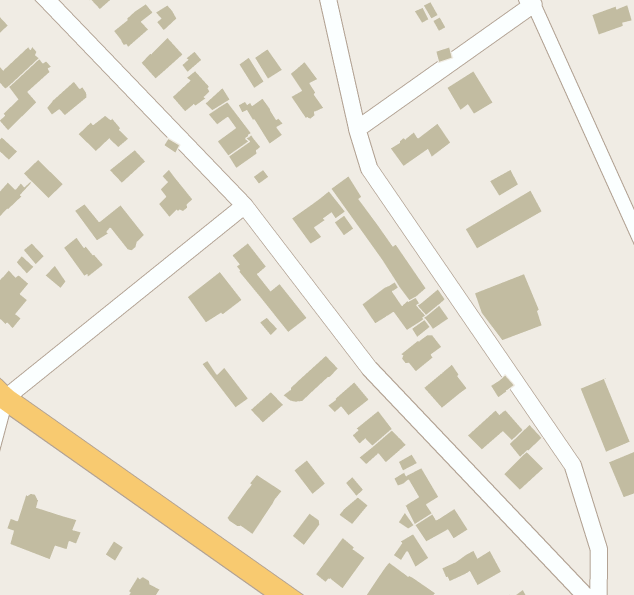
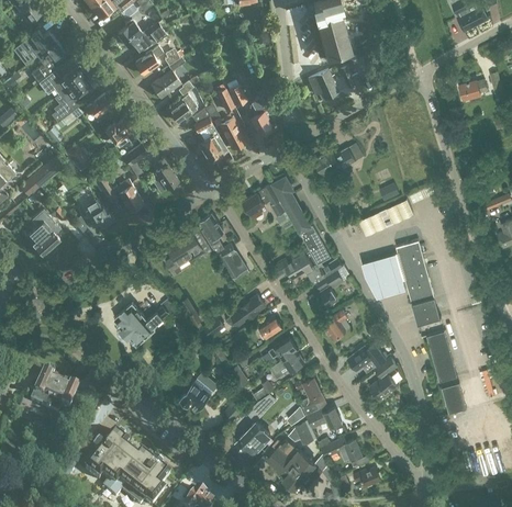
building: [446,70,493,114] -> [308,69,338,99]
building: none -> [396,240,441,324]
building: none -> [114,303,175,345]

